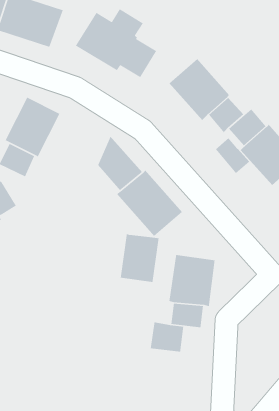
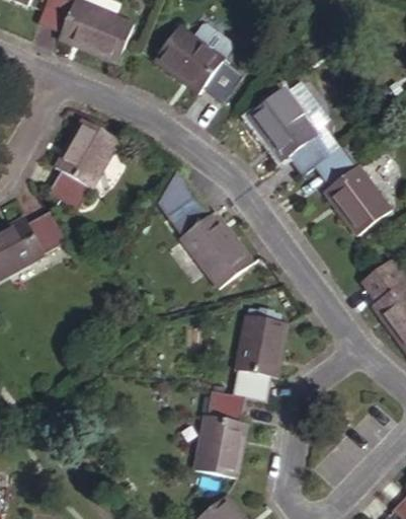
building: [215,137,250,174] -> none
building: [120,233,160,283] -> none
building: none -> [190,413,245,472]

